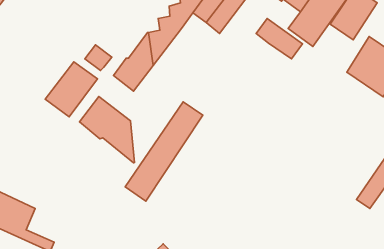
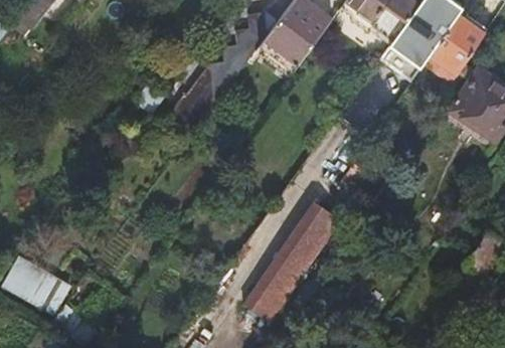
building: [256,19,302,59] -> none
building: [45,62,98,117] -> none
building: [80,96,134,163] -> none
building: [125,102,203,201] -> [243,201,338,322]

